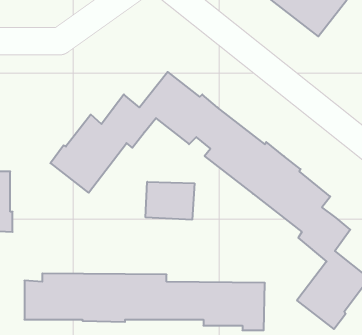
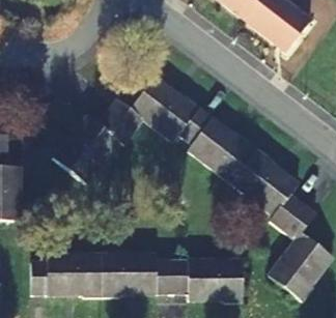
building: [146,182,194,220] -> none

